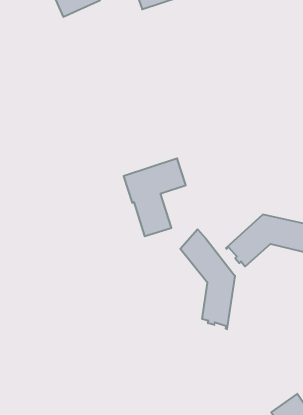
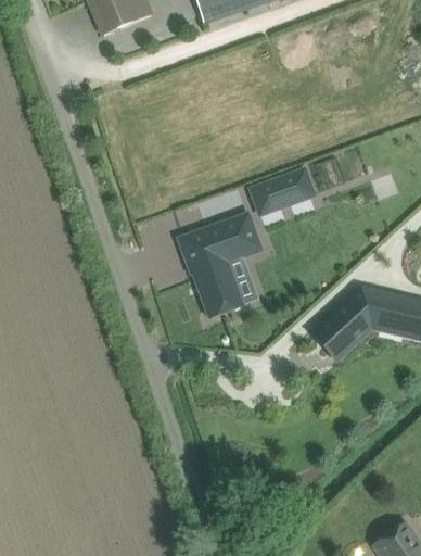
building: none -> [253,170,314,213]
building: [180,229,235,329] -> none

